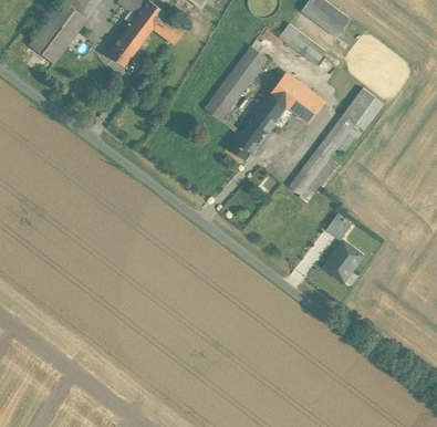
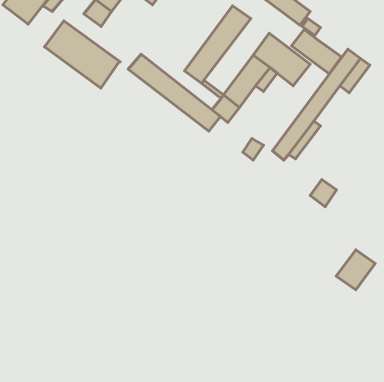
building: none -> [45,21,120,88]
building: none -> [292,29,341,74]
building: none -> [128,54,221,131]
building: [324,241,362,280] -> [336,250,375,290]

